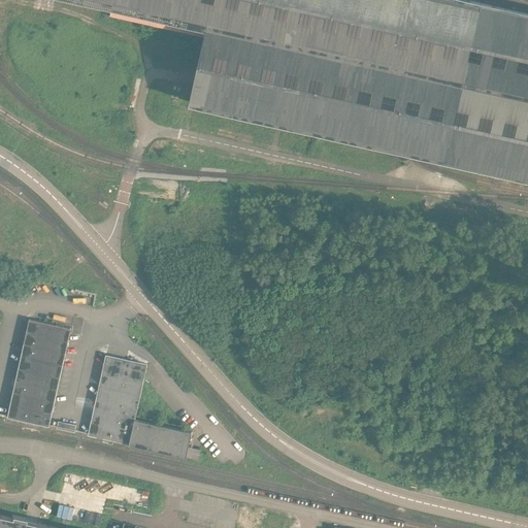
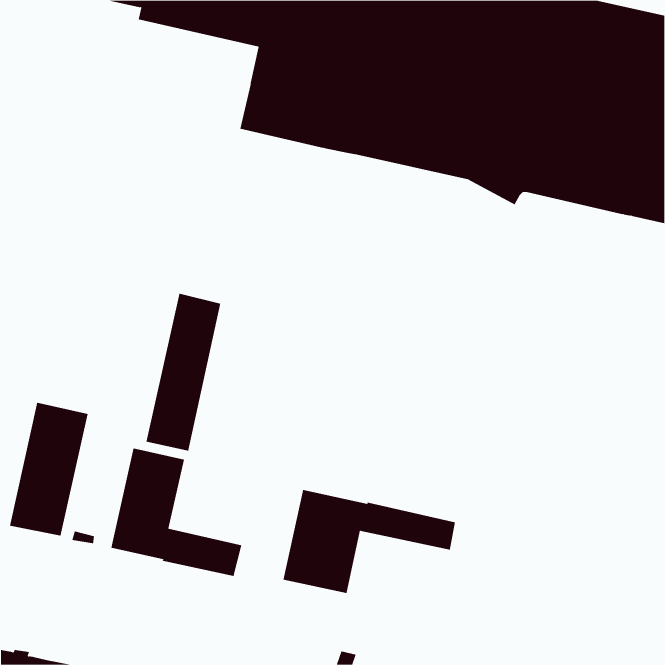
building: none -> [146,293,221,451]
building: none -> [283,489,455,594]

